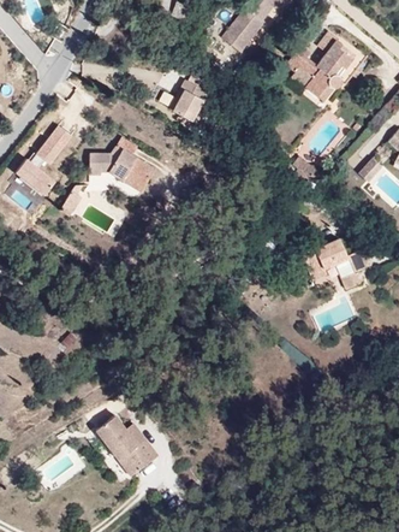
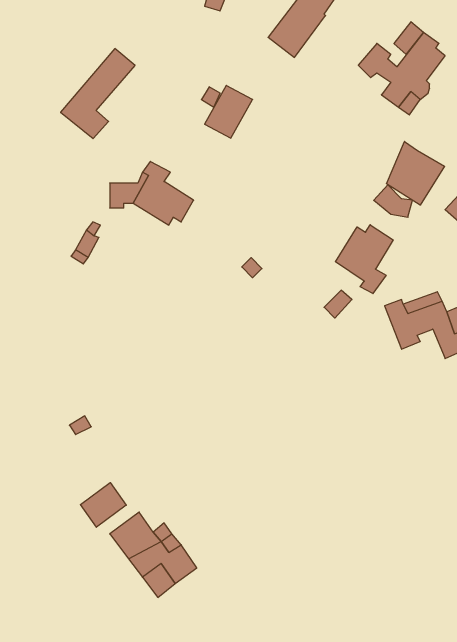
building: none -> [387,141,445,205]
building: [18,125,76,195] -> [61,49,135,139]
building: none -> [335,225,393,294]
building: none -> [80,483,126,527]

